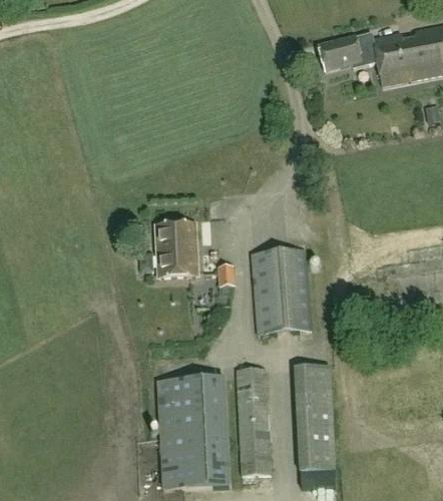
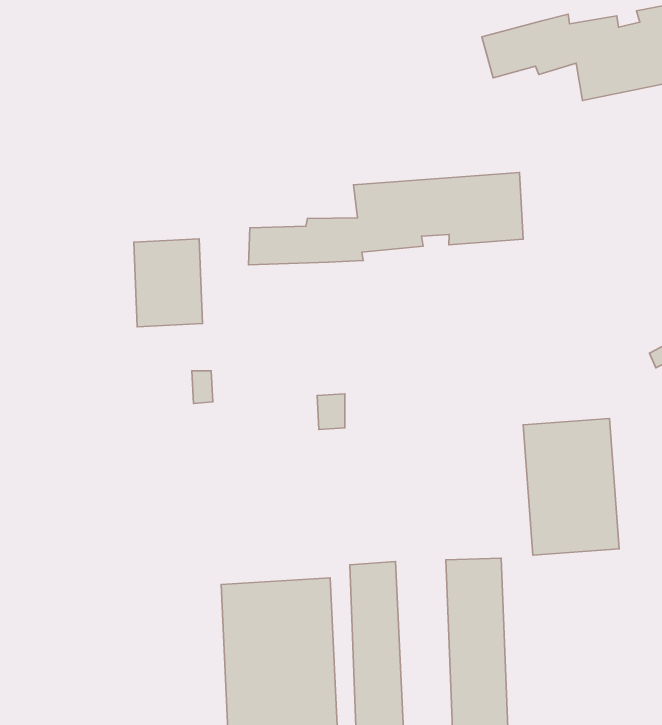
building: none -> [249,173,523,265]
building: [155,221,197,276] -> [134,239,202,327]
building: [252,248,311,333] -> [523,418,619,555]

